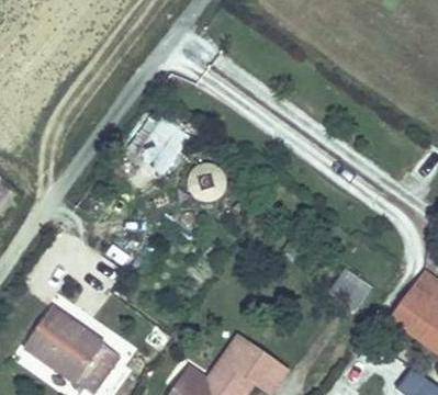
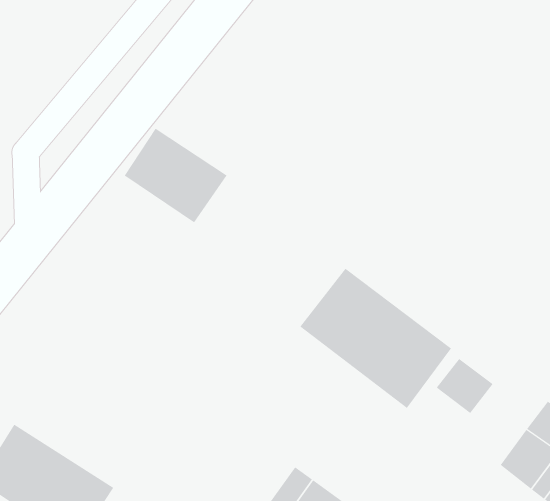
building: none -> [300,268,452,409]

